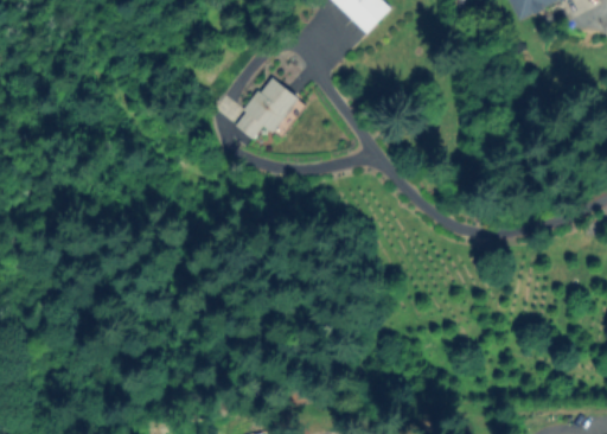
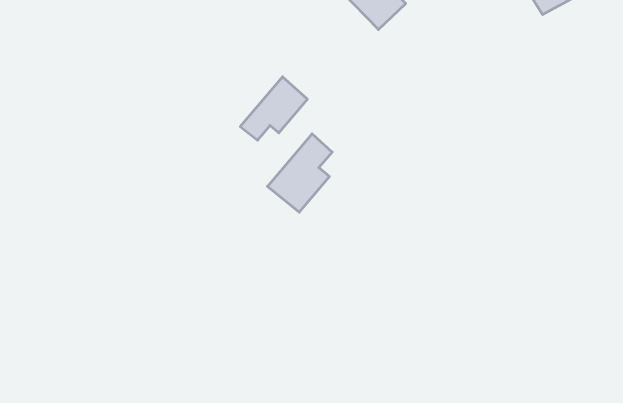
building: none -> [267,134,332,212]

